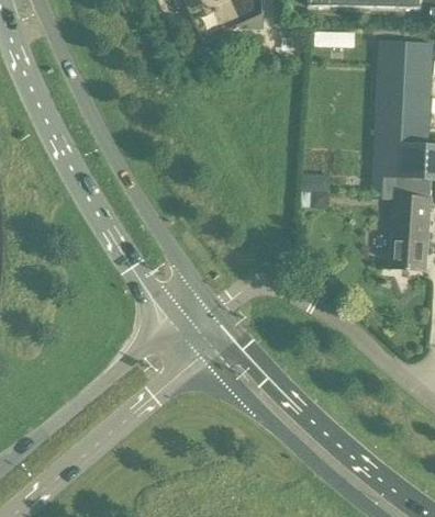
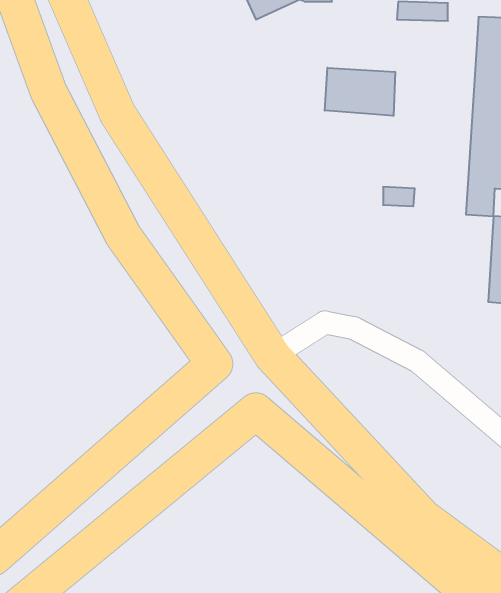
building: none -> [325,68,395,116]

